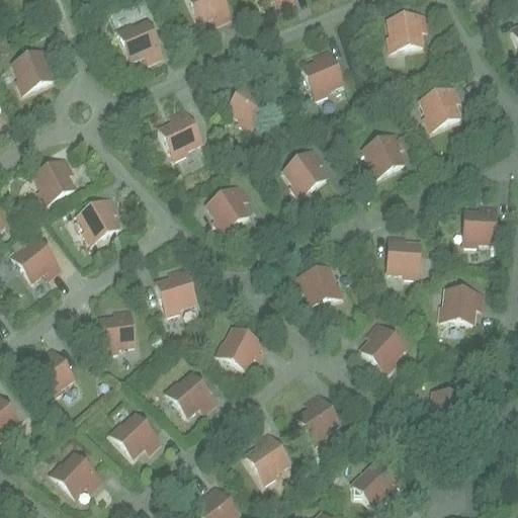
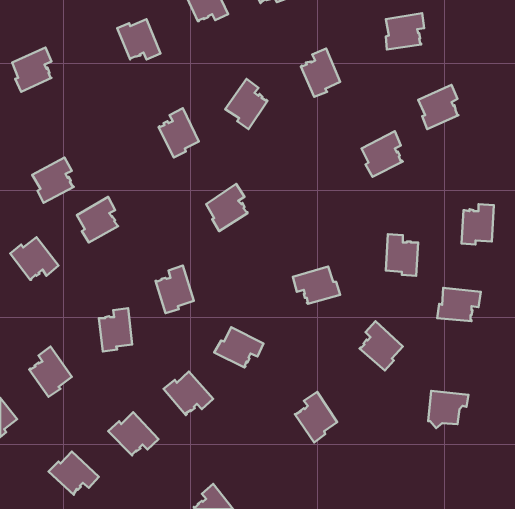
building: [283,148,326,196] -> none
building: [246,432,288,483] -> none
building: [353,462,400,505] -> none

